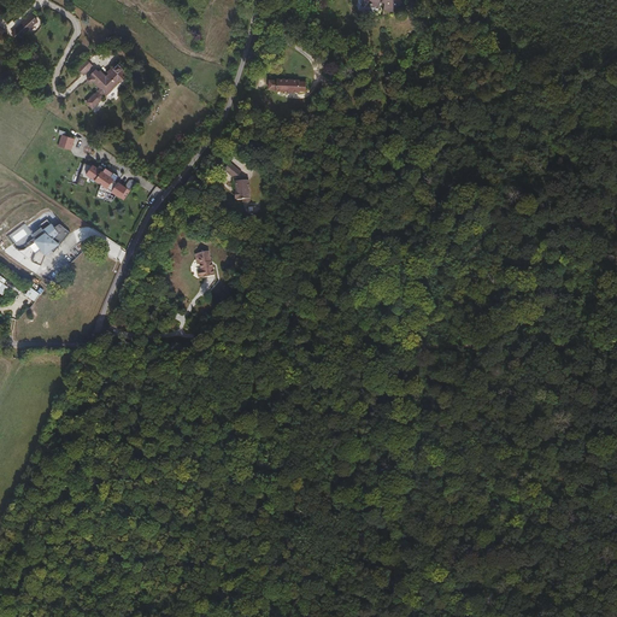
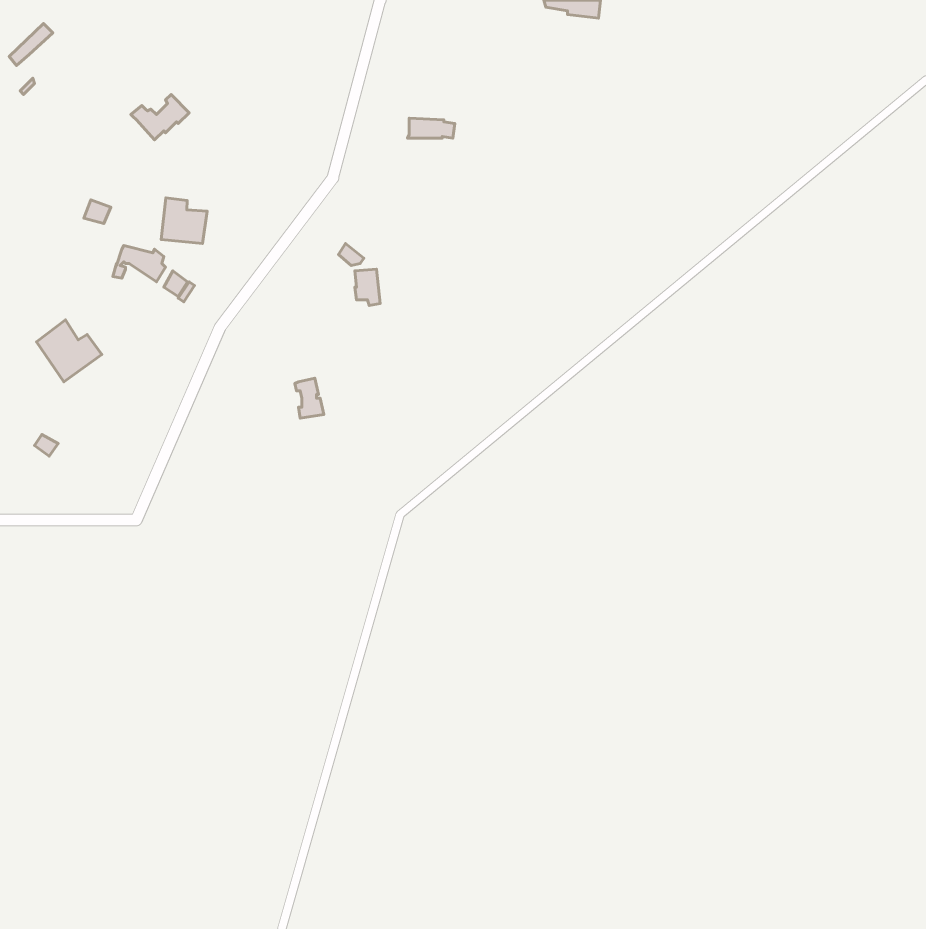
building: none -> [161,198,207,243]

